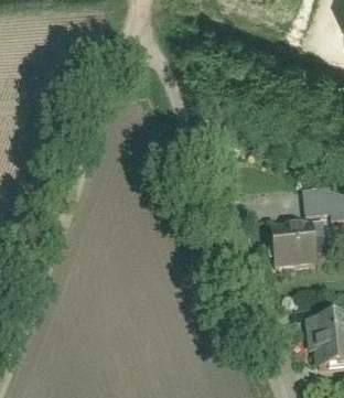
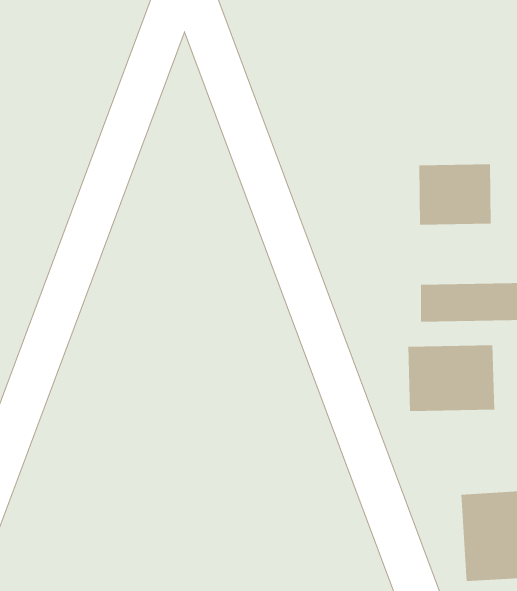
building: none -> [419,163,492,225]

